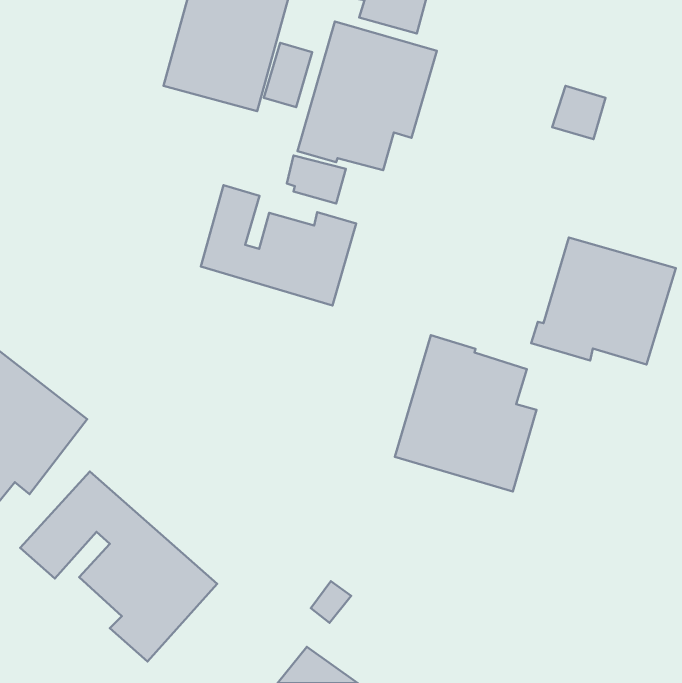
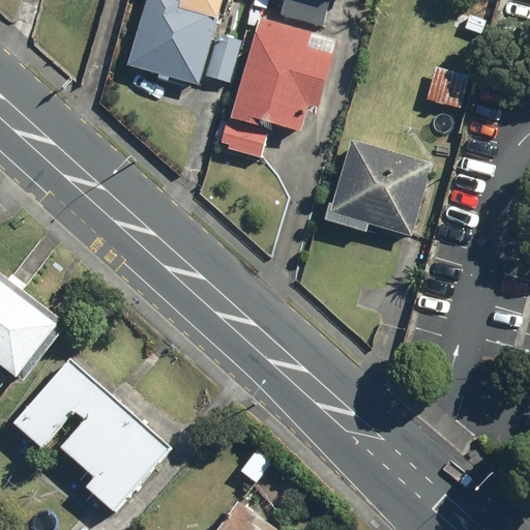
building: [201,185,356,305] -> none
building: [531,237,676,365] -> [322,138,434,236]
building: [395,335,537,492] -> none

